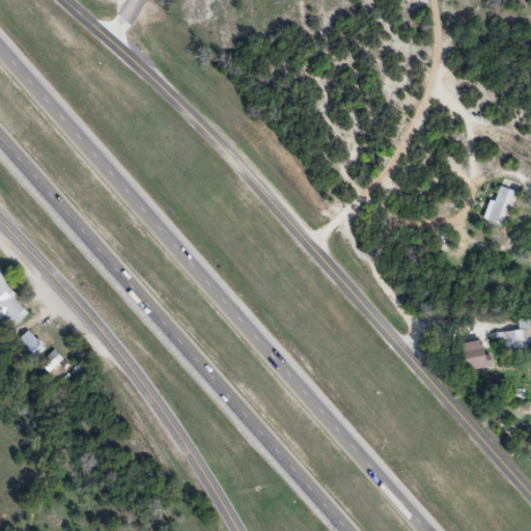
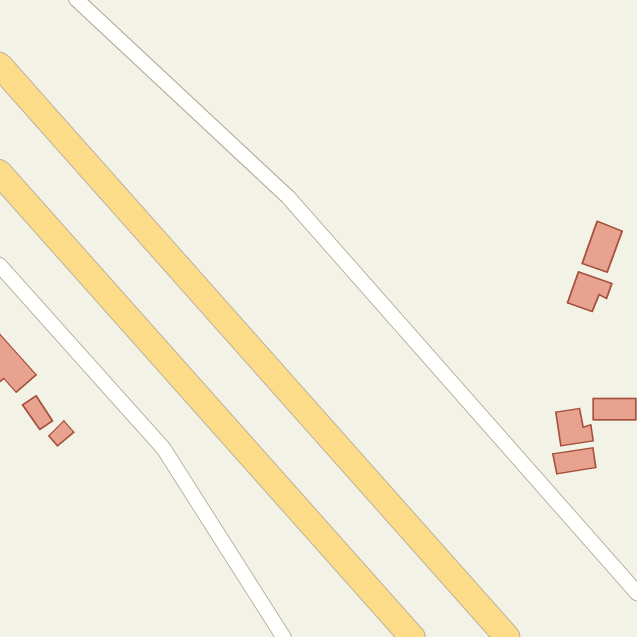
building: none -> [568,272,612,312]
building: none -> [553,448,596,474]

